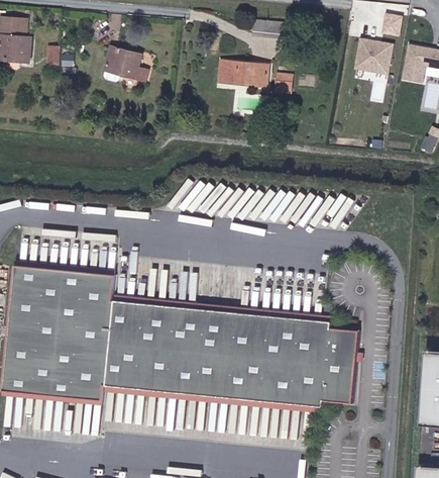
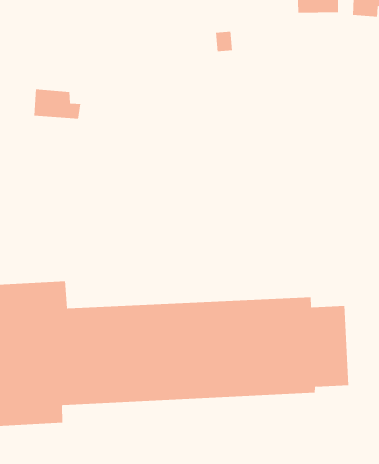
building: [108,49,151,81] -> [34,89,81,119]
building: [222,62,273,87] -> none

